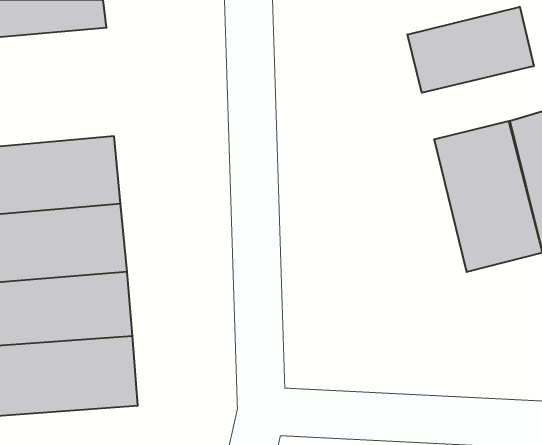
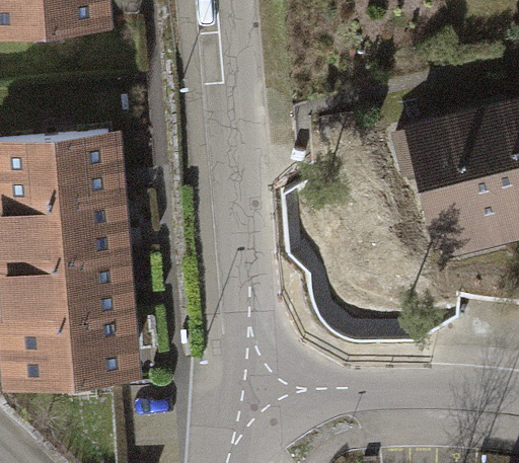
building: [407,7,534,93] -> none

